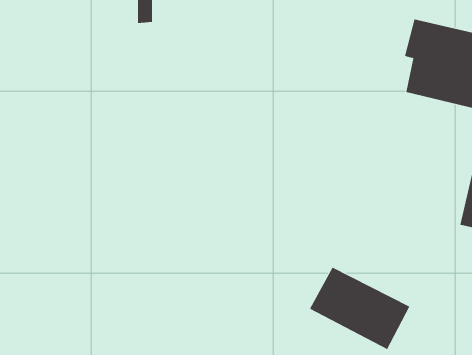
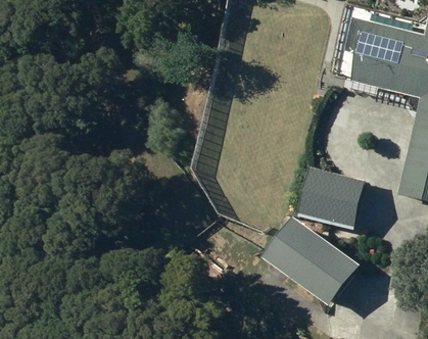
building: none -> [302,167,366,228]

